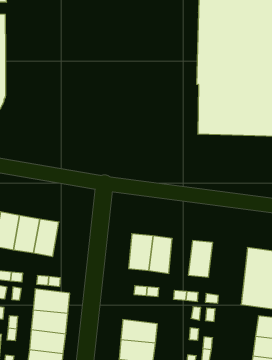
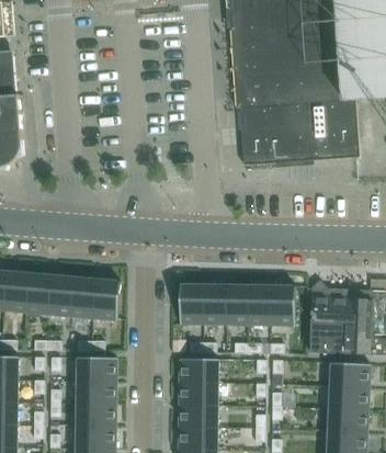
building: none -> [92,278,120,319]
building: none -> [225,284,248,324]
building: none -> [270,284,294,325]
building: none -> [178,358,217,382]

